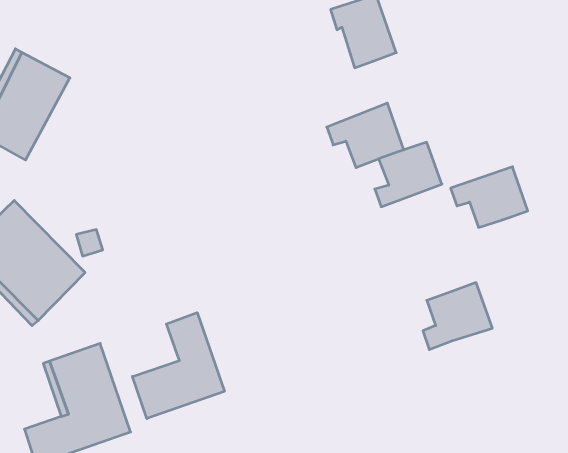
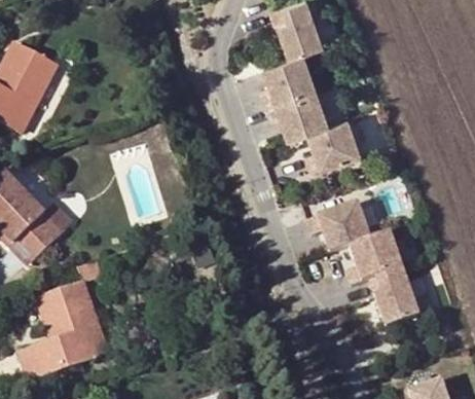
building: none -> [262,51,317,105]
building: [451,167,528,227] -> [306,203,369,252]
building: [132,313,224,419] -> none
building: none -> [369,268,417,326]

